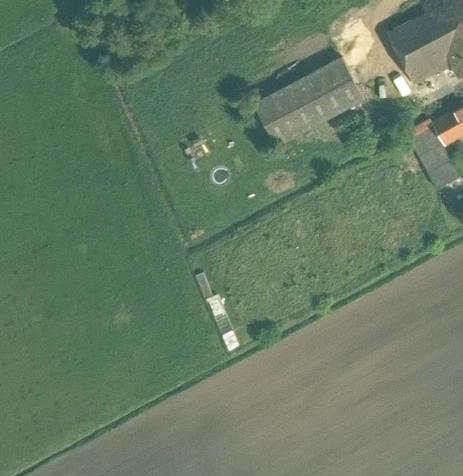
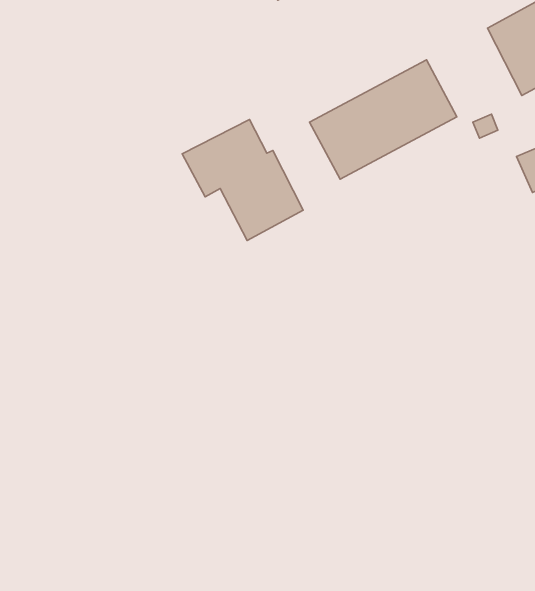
building: none -> [182,119,303,240]

